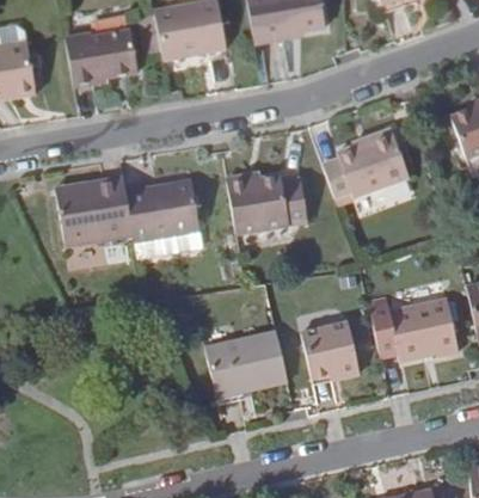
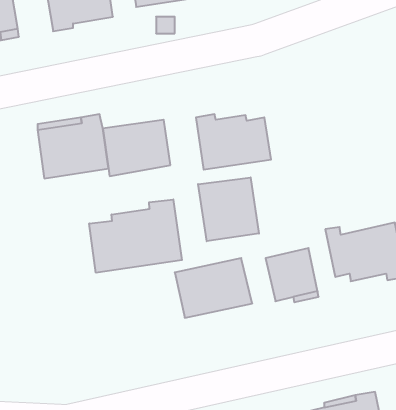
building: [323,128,409,198] -> none
building: none -> [198,177,259,241]
building: none -> [89,199,182,273]

